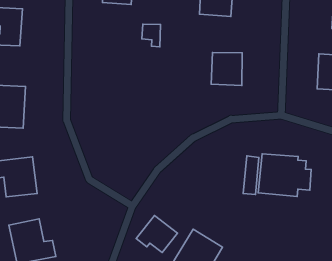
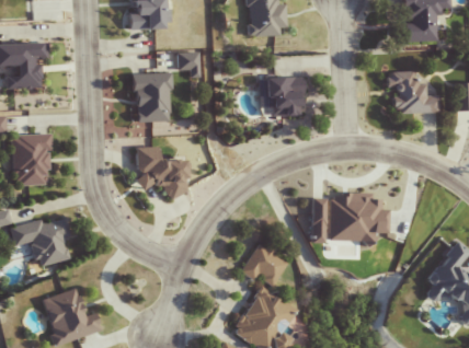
building: none -> [134,73,170,121]
building: none -> [136,147,183,195]
building: [136,216,178,252] -> [241,243,289,286]

